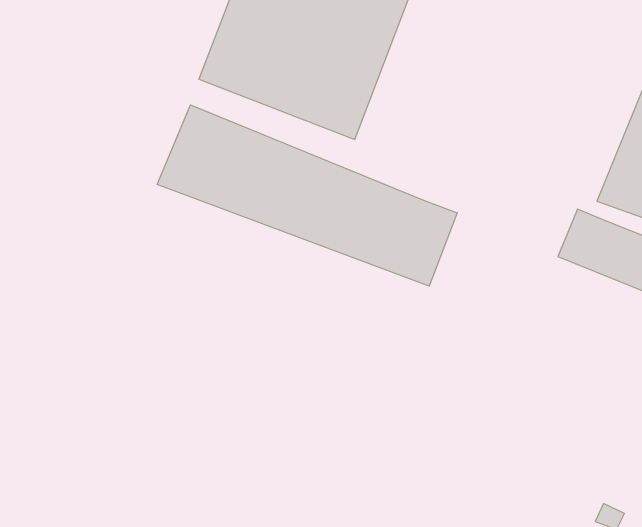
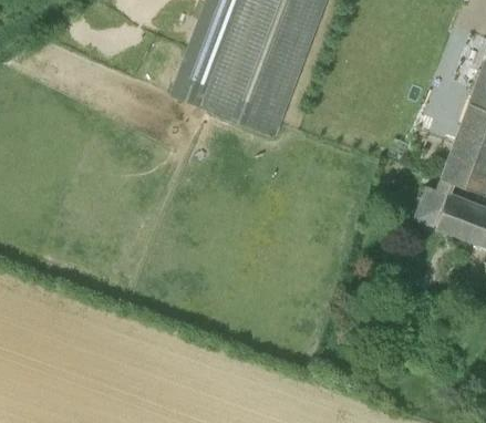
building: [157,105,457,286] -> none

